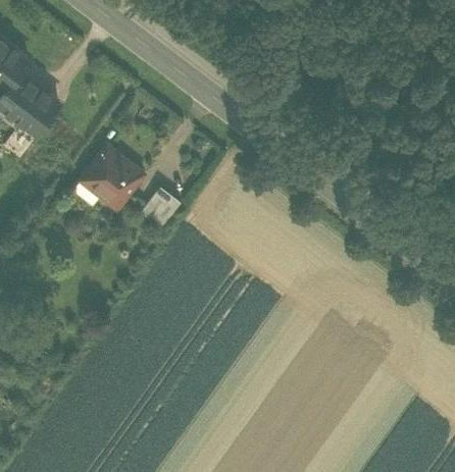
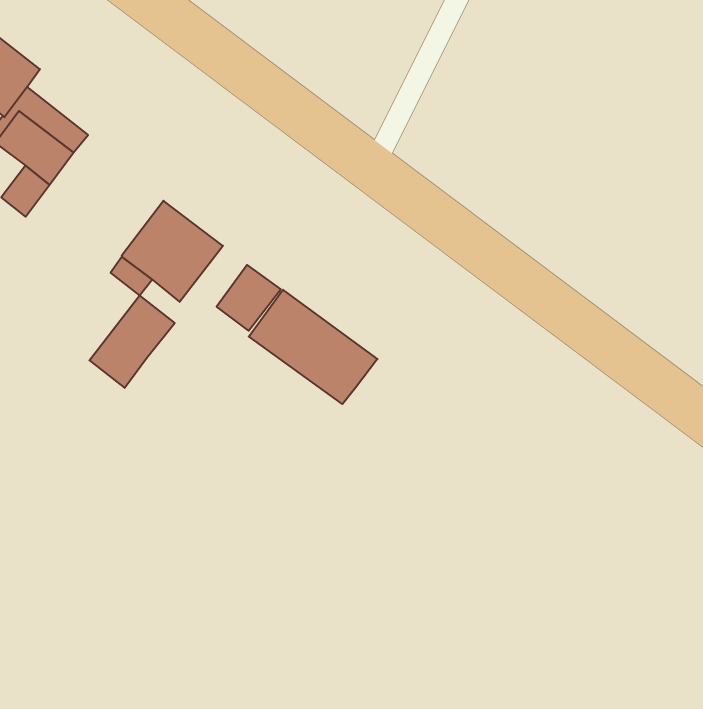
building: none -> [249,290,378,404]
building: none -> [89,295,175,388]

